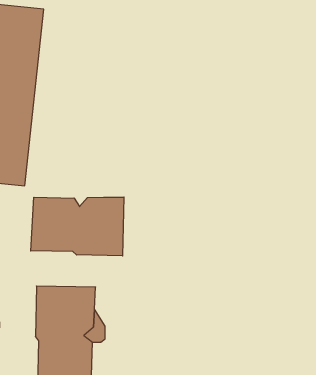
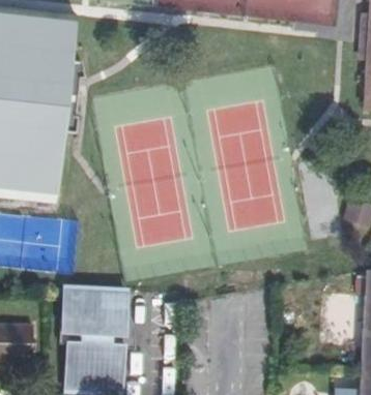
building: [31,197,124,256] -> none

